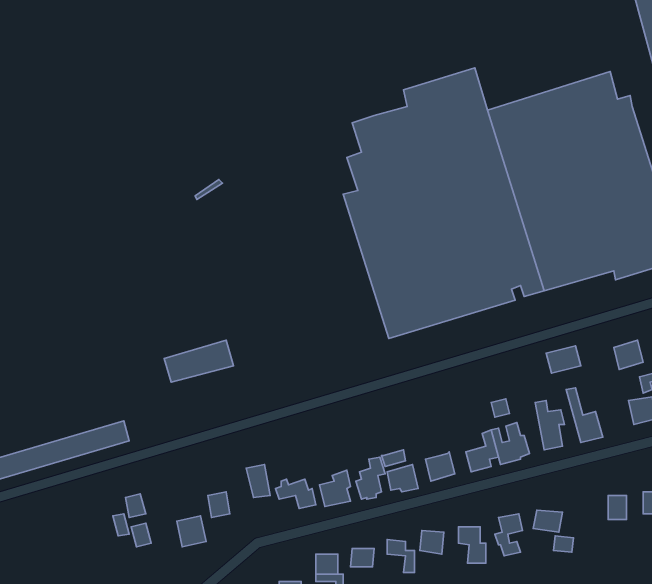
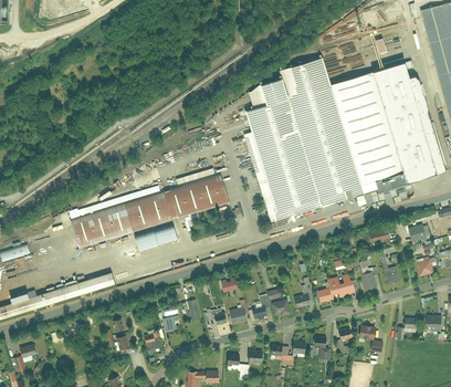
building: none -> [71,172,231,249]

